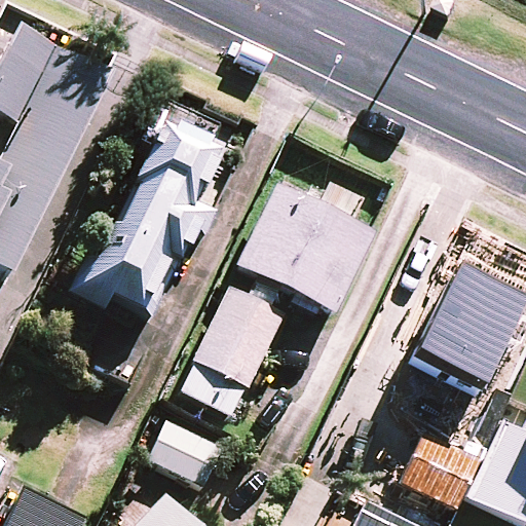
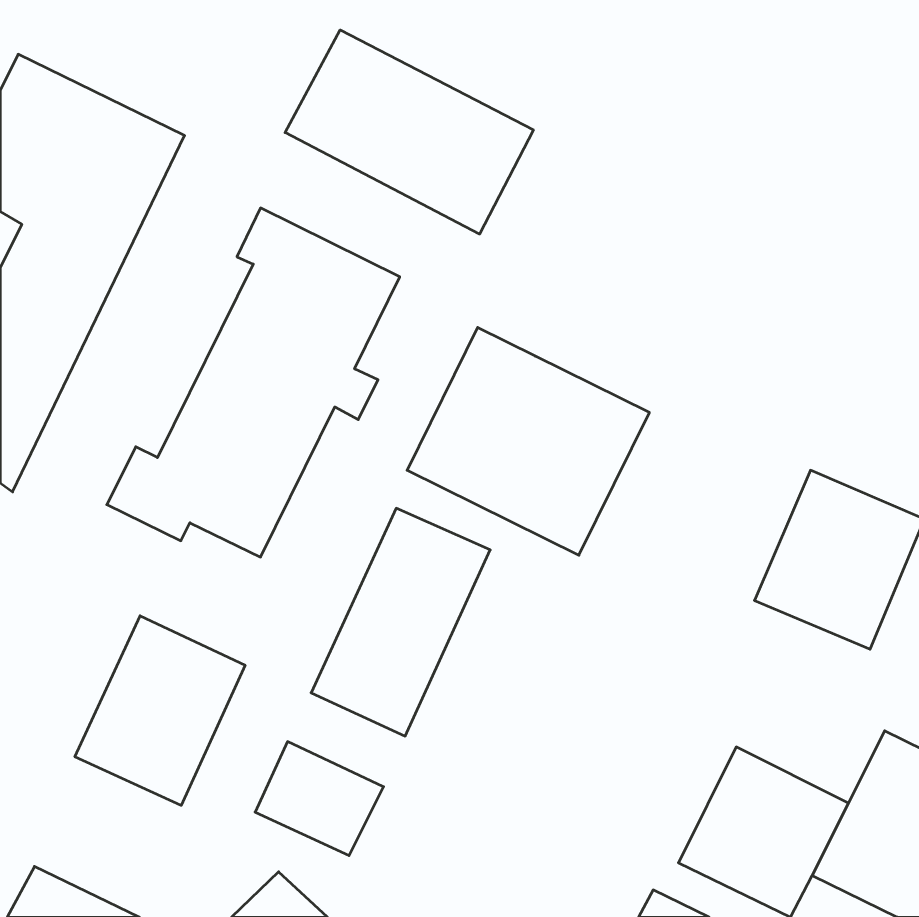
building: none -> [285,30,533,234]
building: none -> [75,616,245,805]

